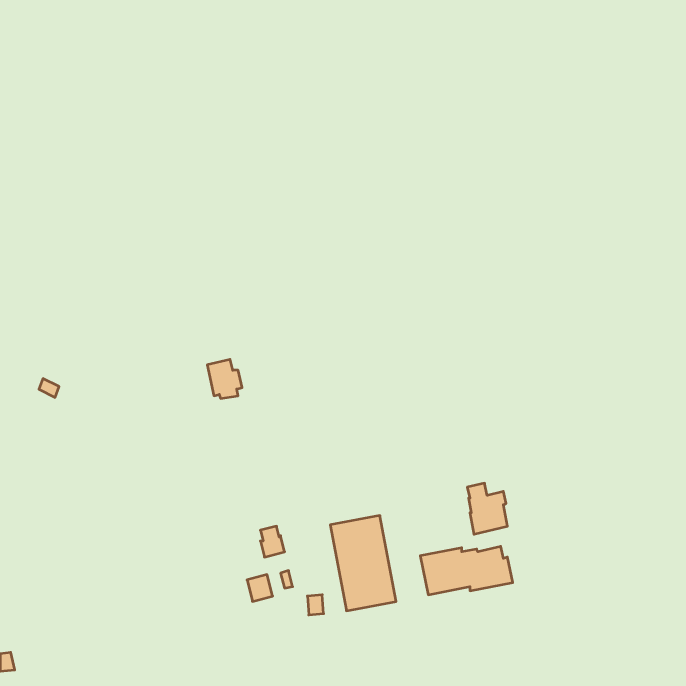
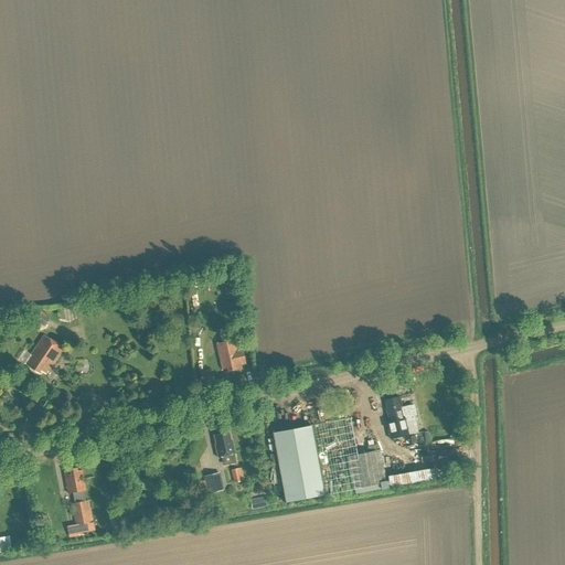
building: [207,359,242,398] -> [216,340,245,372]
building: none -> [24,335,63,374]
building: none -> [64,468,90,534]

